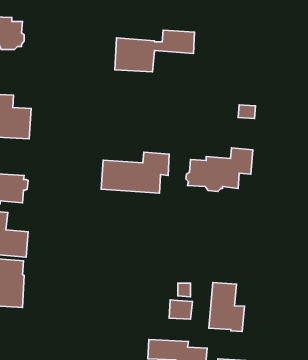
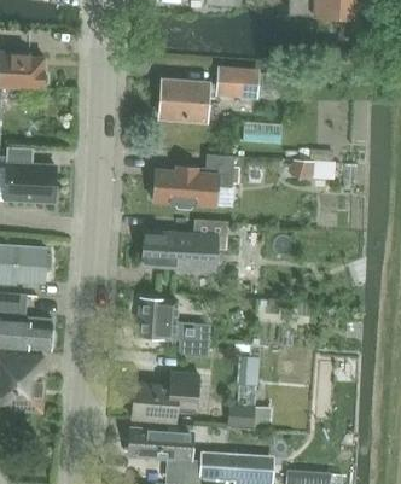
building: [186,148,253,191] -> [151,154,234,209]
building: none -> [138,298,210,357]
building: none -> [133,372,199,421]
building: [209,283,245,331] -> none
building: none -> [129,425,194,460]

